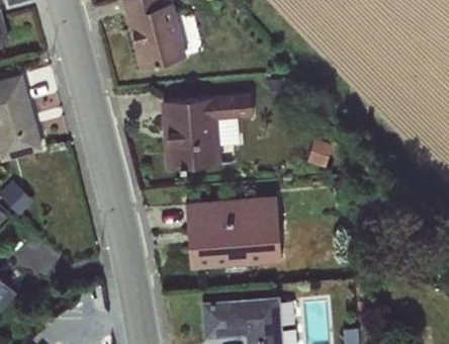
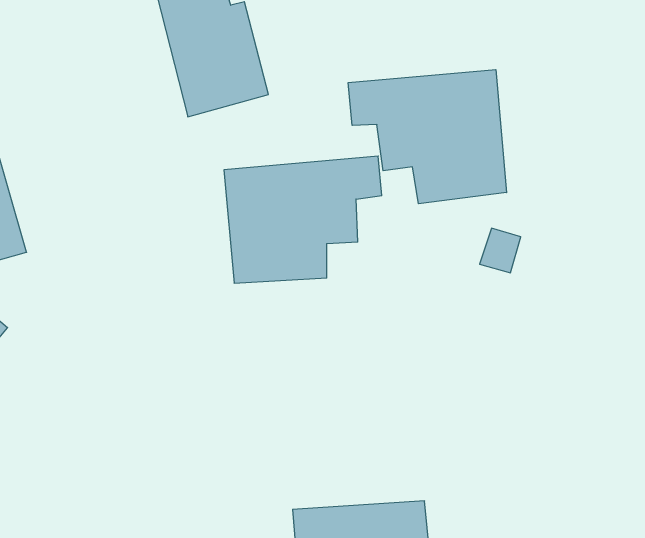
building: none -> [348,70,507,204]
building: [184,195,283,270] -> none

